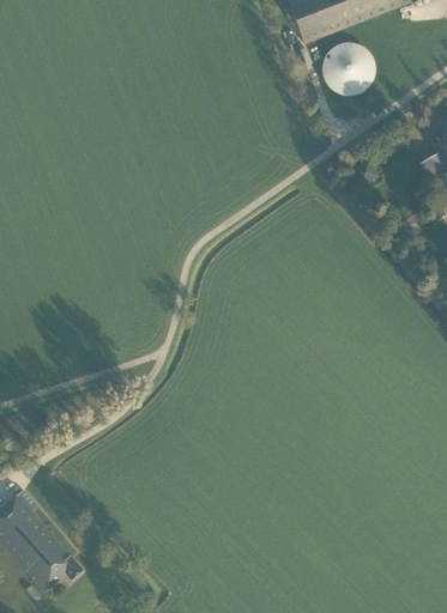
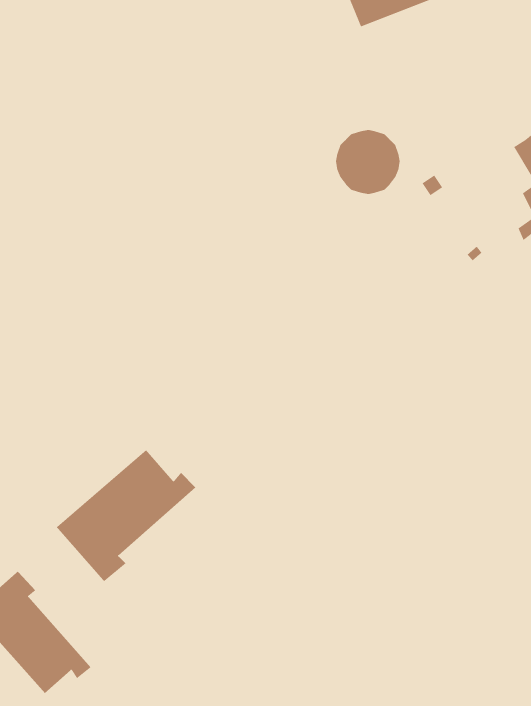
building: [319,37,373,91] -> [335,129,401,195]
building: none -> [55,449,196,583]

